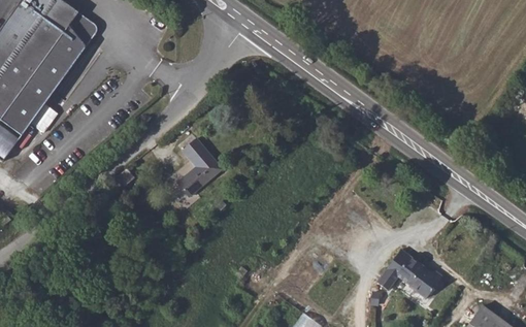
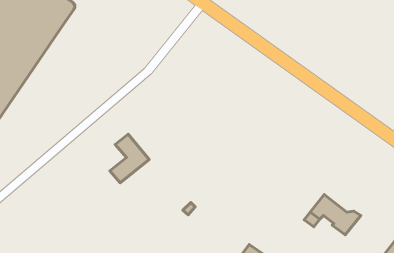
building: [177,136,224,194] -> [110,134,149,183]

